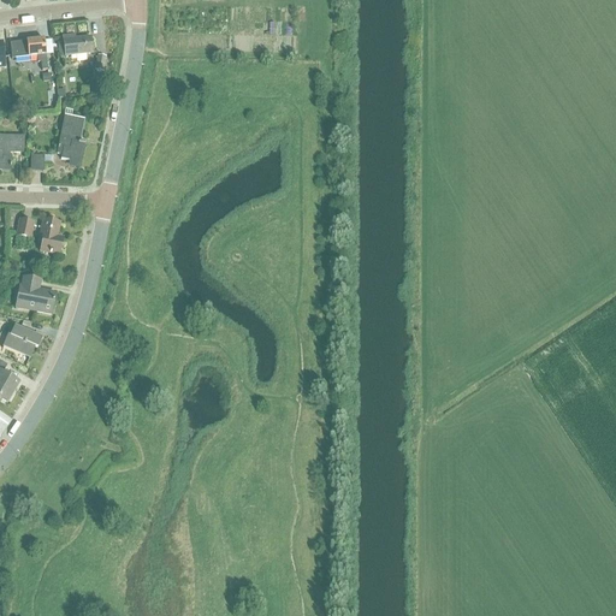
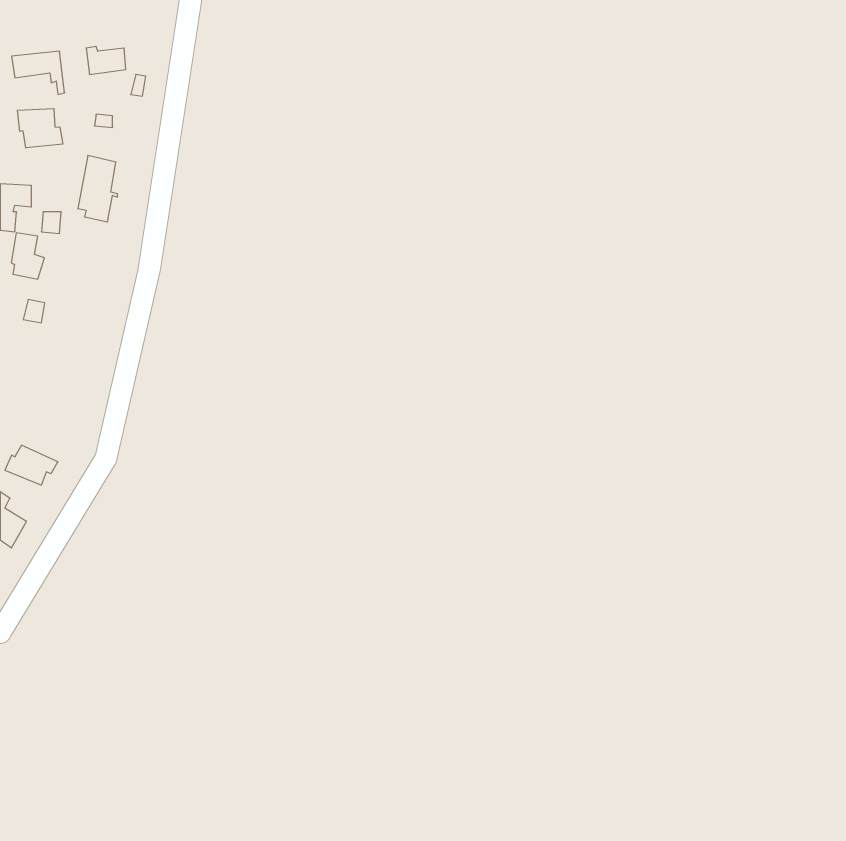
building: none -> [18,109,63,148]
building: [40,218,64,251] -> [11,233,44,279]
building: [17,274,55,312] -> none

